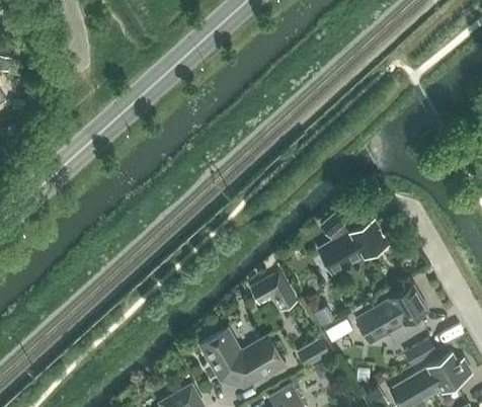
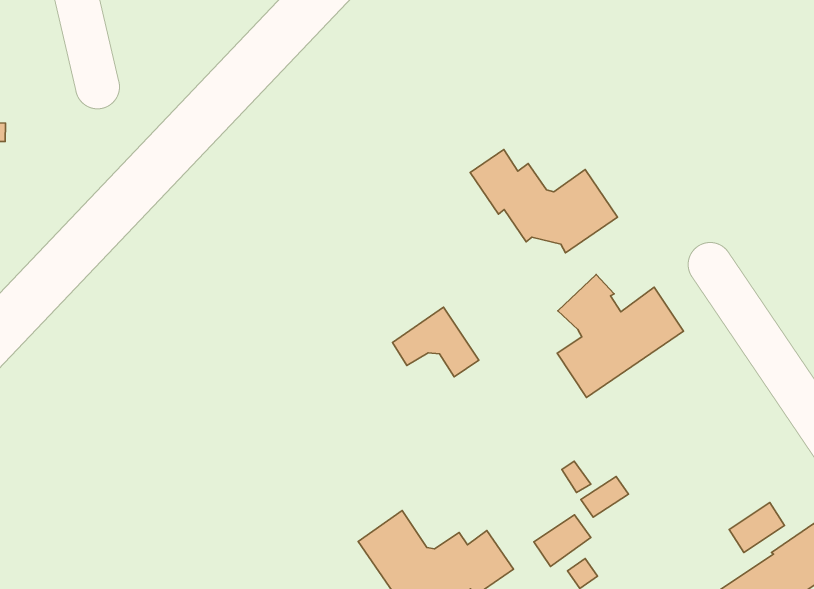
building: none -> [470,149,617,253]
building: [250,271,297,310] -> [392,307,479,377]
building: [355,284,427,343] -> none

